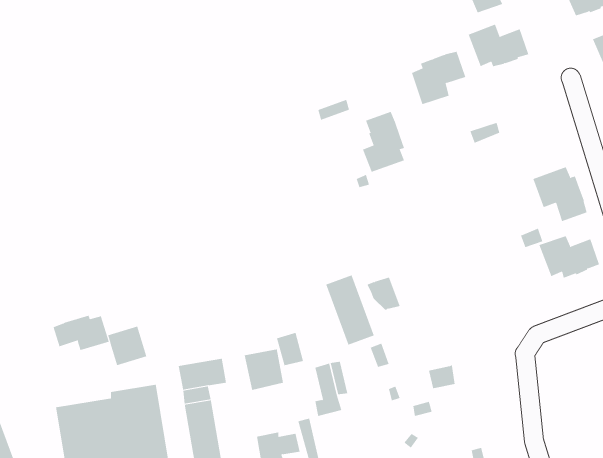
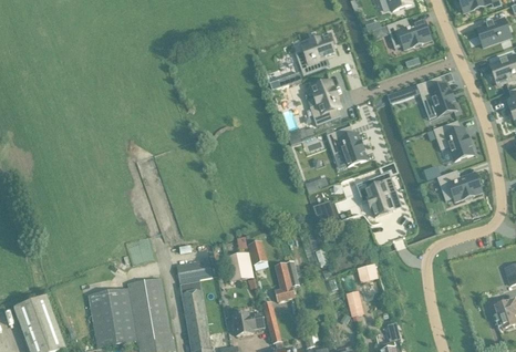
building: [411,51,466,105] -> [295,37,334,75]
building: none -> [415,76,455,116]
building: none -> [326,126,365,169]
building: none -> [364,172,395,217]
building: [326,274,374,346] -> none
building: [53,315,109,351] -> none

